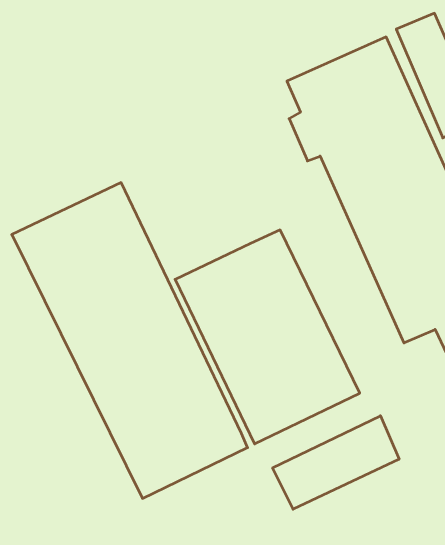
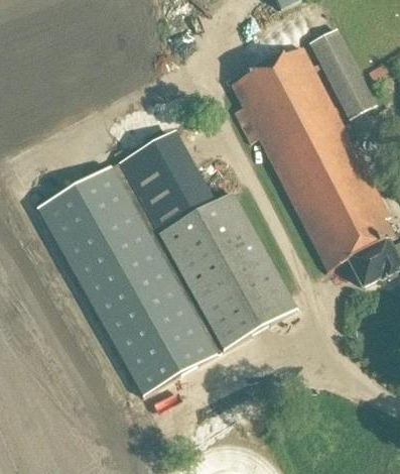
building: none -> [118,128,216,231]
building: [273,416,399,509] -> none

